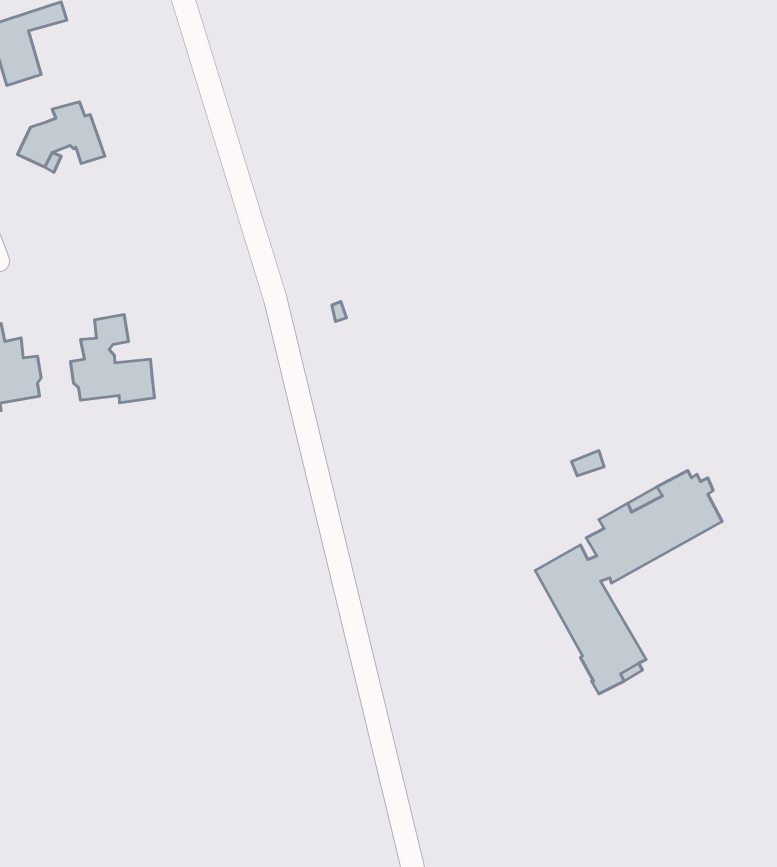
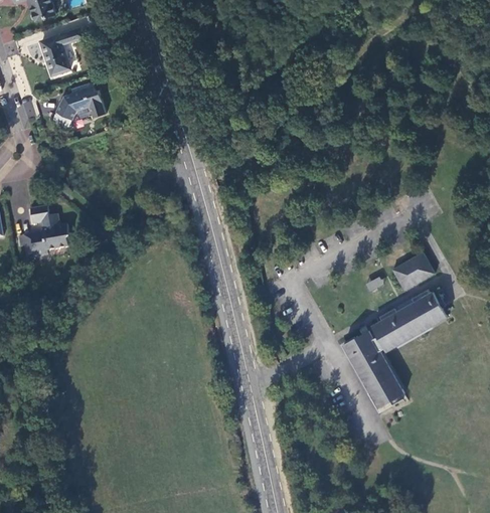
building: [71,314,155,403] -> none
building: none -> [391,251,434,291]

